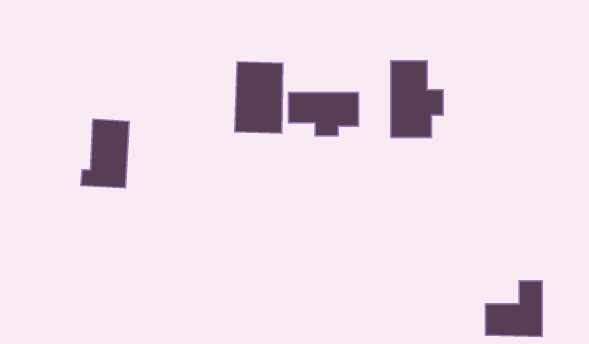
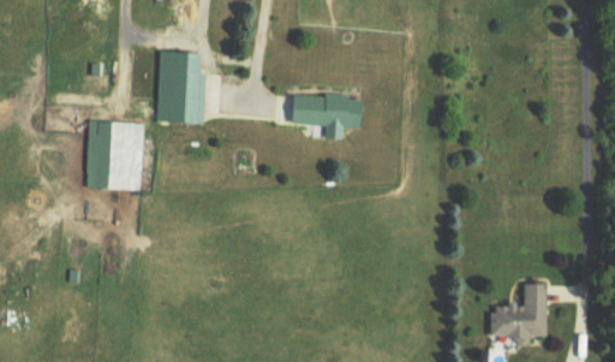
building: [391,61,443,138] -> none
building: [235,62,283,133] -> [156,53,204,124]

